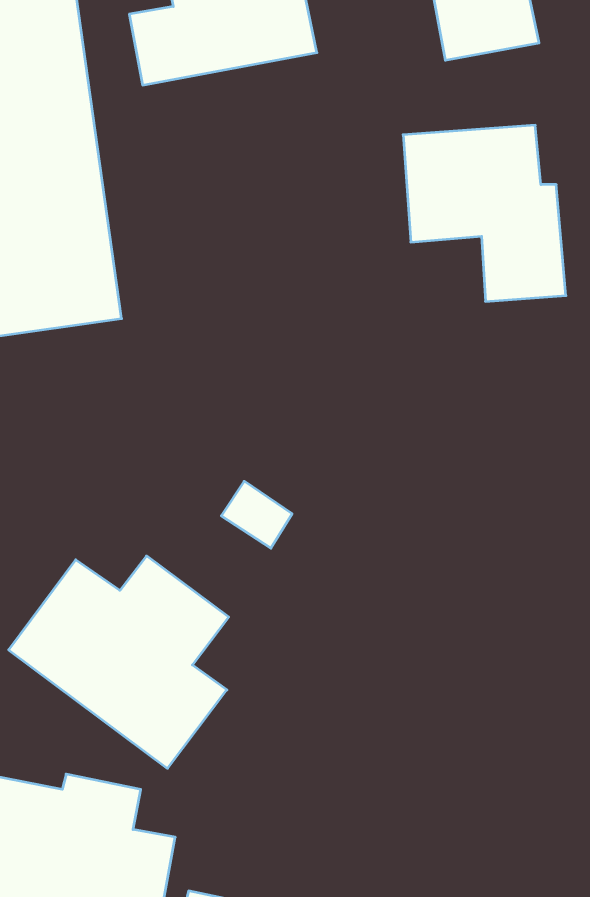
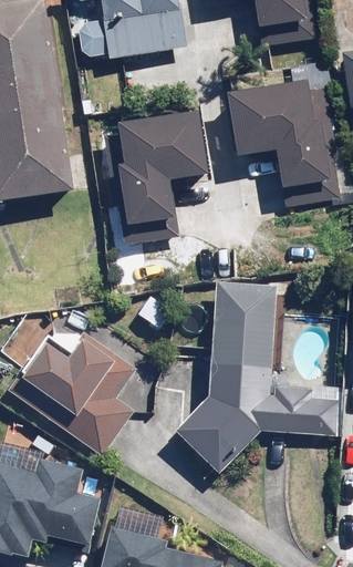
building: none -> [104,107,211,247]
building: none -> [176,288,335,472]

